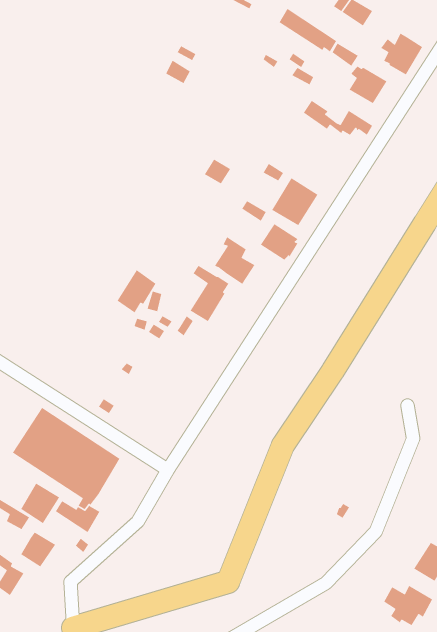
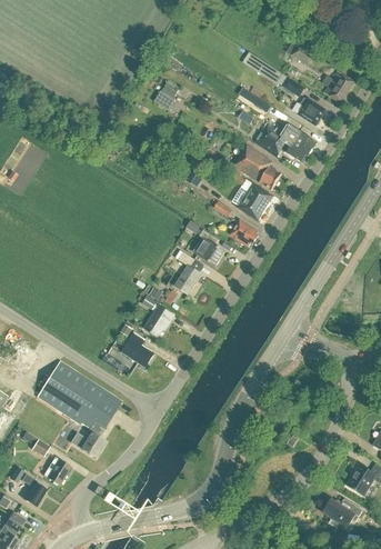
building: none -> [254,132,311,163]
building: none -> [233,144,281,190]
building: [116,269,156,314] -> [143,303,174,338]
building: none -> [121,331,153,367]
building: [20,482,60,524] -> none

